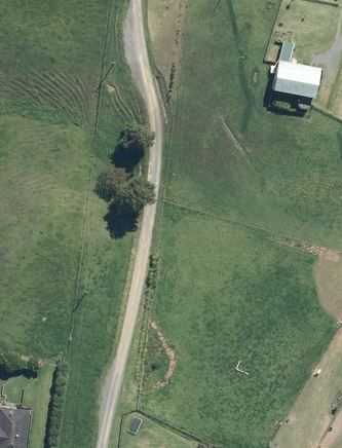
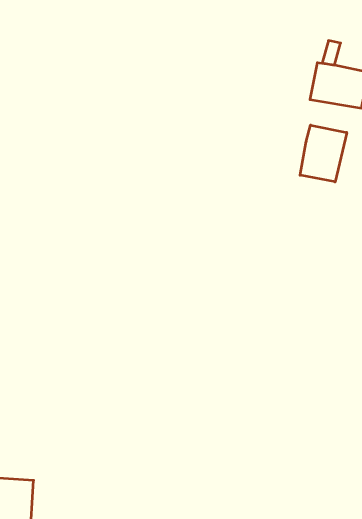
building: none -> [300,125,347,182]

